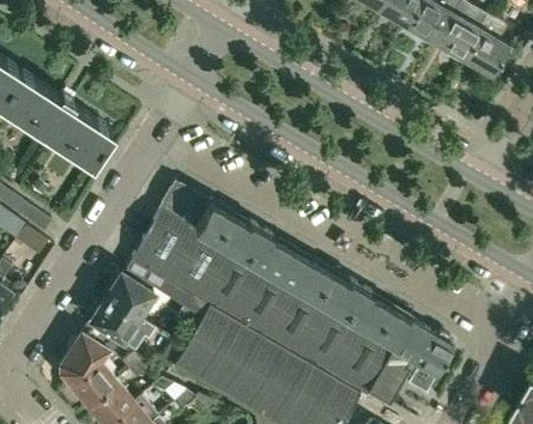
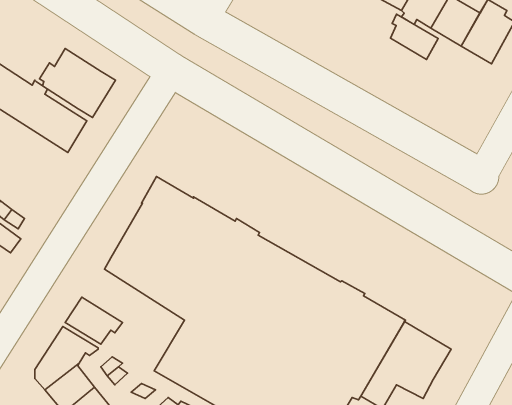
building: none -> [390,14,438,60]
building: none -> [39,48,115,118]
building: [105,274,155,323] -> none

